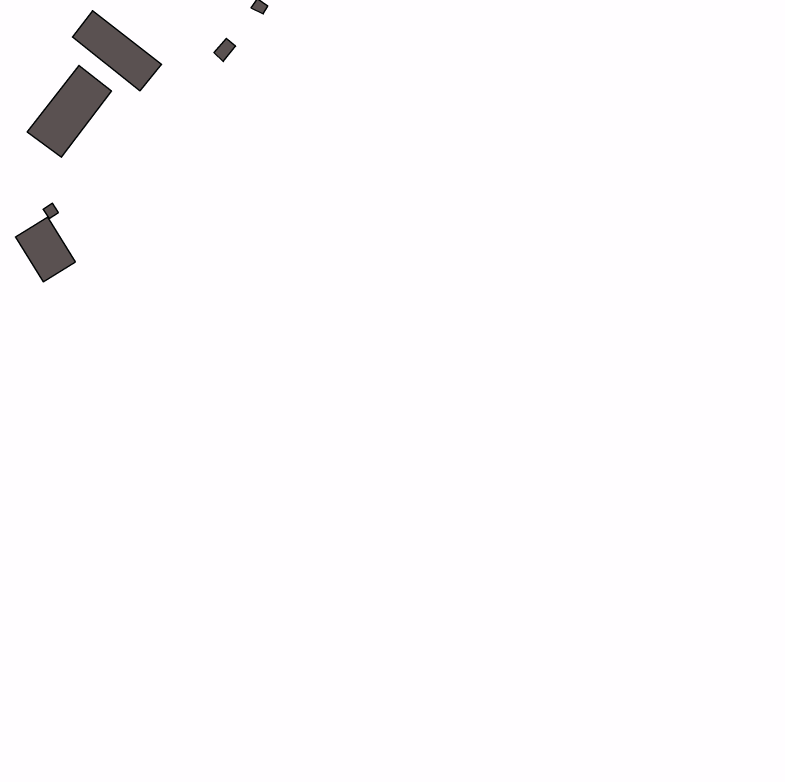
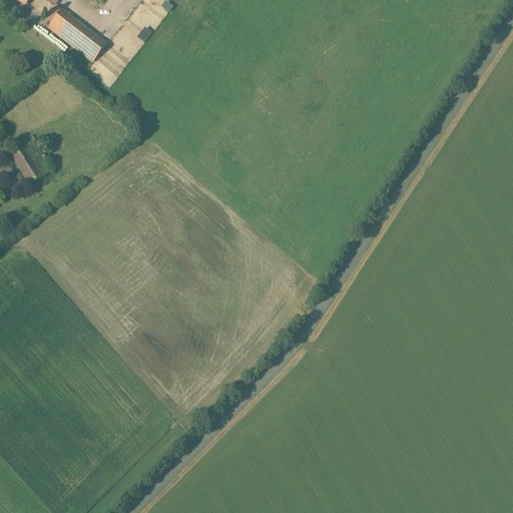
building: [27,65,111,157] -> none

